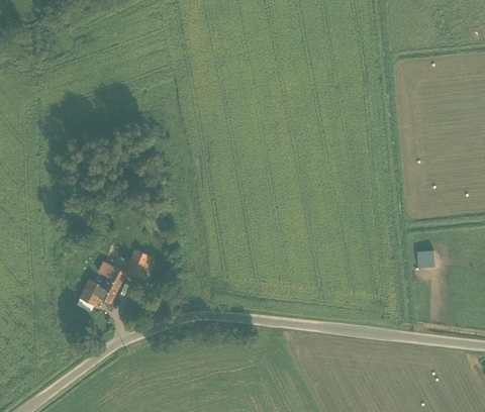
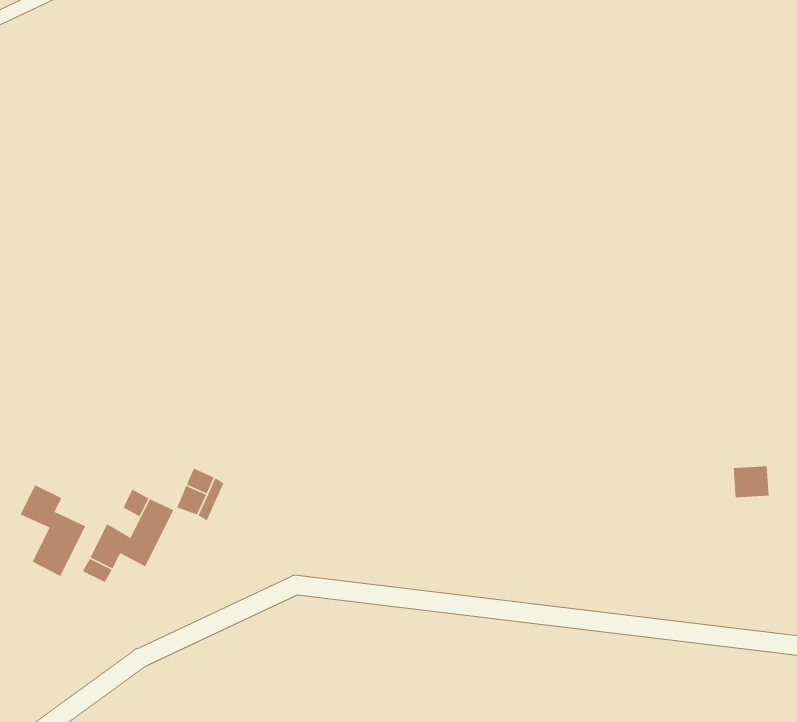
building: none -> [20,484,86,577]

